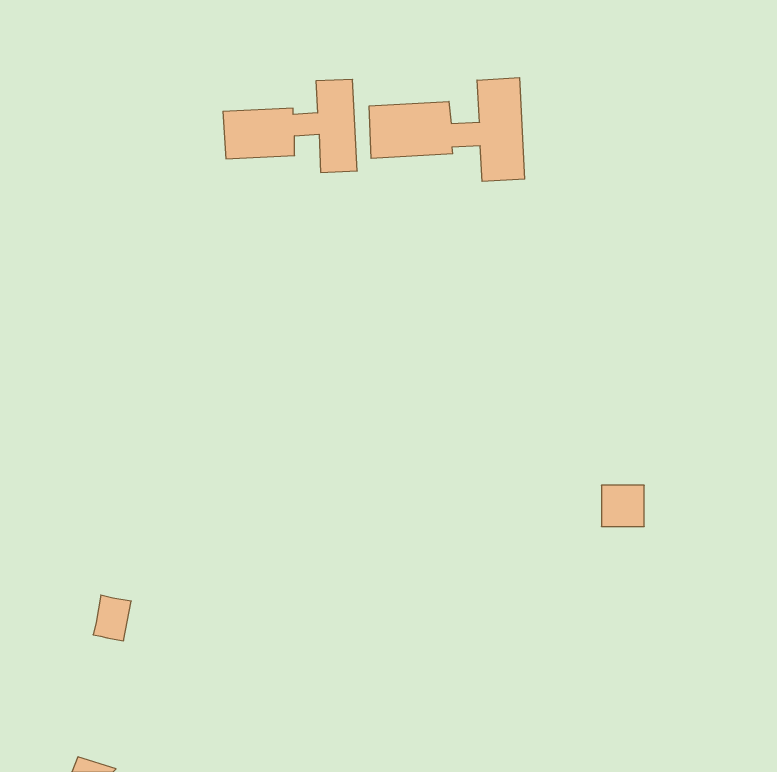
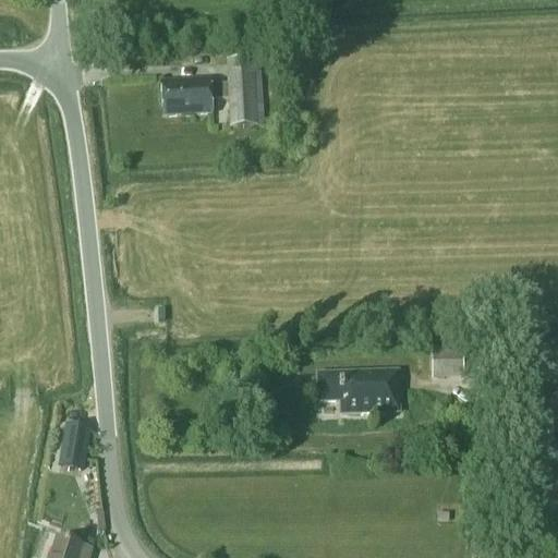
building: [369,78,525,181] -> none
building: none -> [318,369,399,411]

